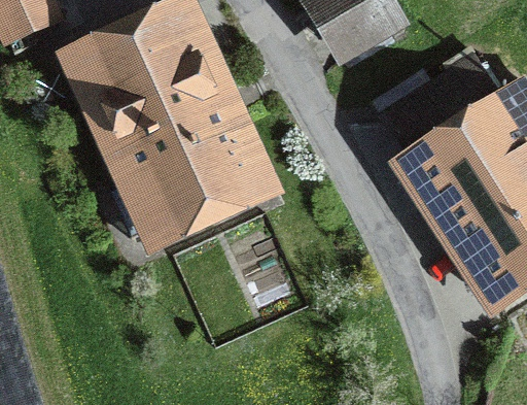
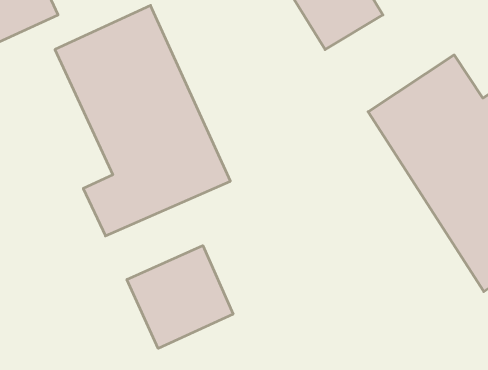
building: none -> [127,246,233,348]

